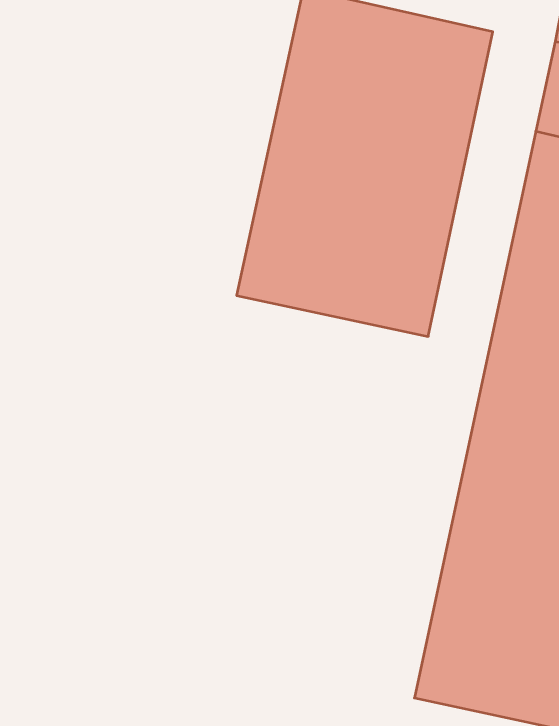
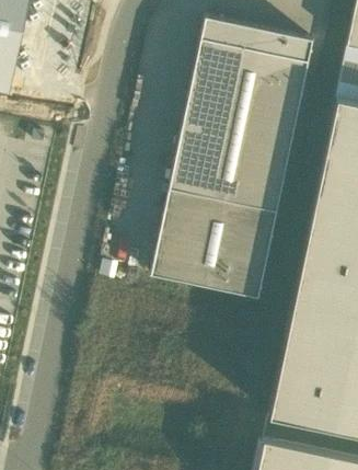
building: none -> [149,188,275,297]

